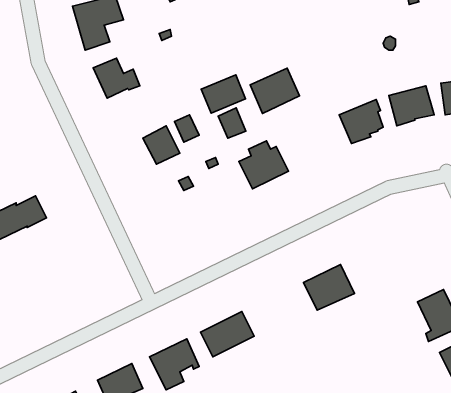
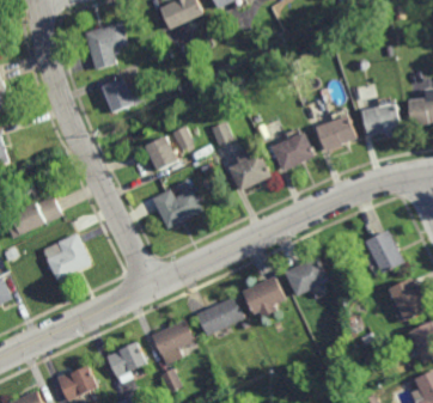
building: [250,68,300,114] -> [274,130,317,170]
building: [201,75,246,113] -> none
building: none -> [152,189,203,227]
building: none -> [361,230,401,273]
building: none -> [47,233,91,280]
building: none -> [243,276,286,319]

